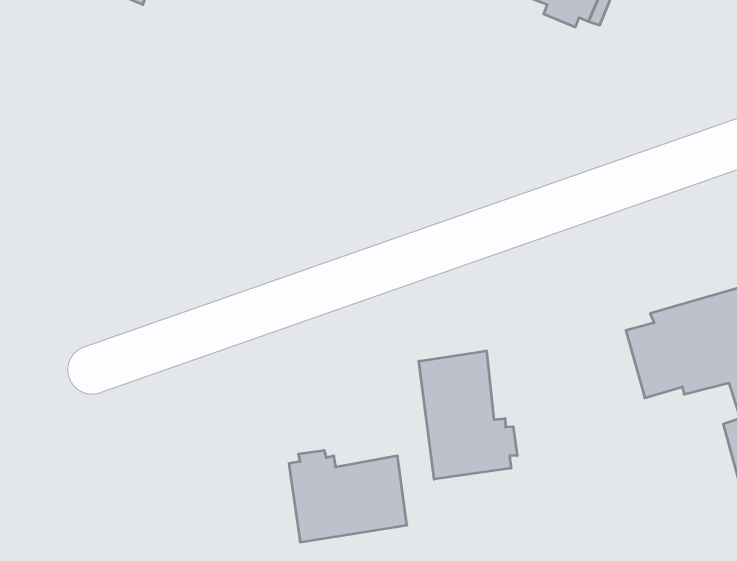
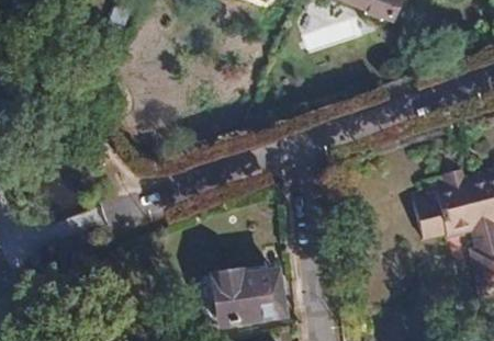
building: [419,351,517,479] -> none

